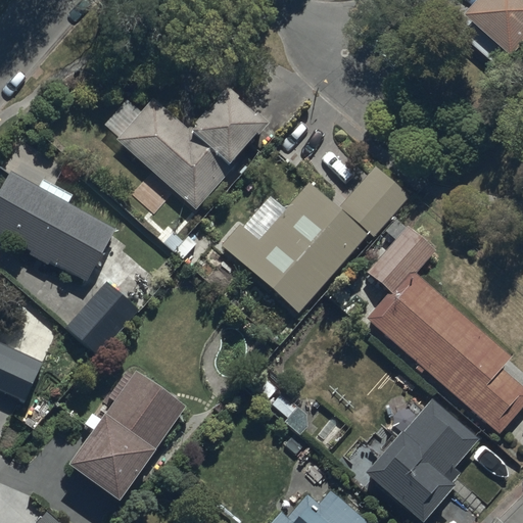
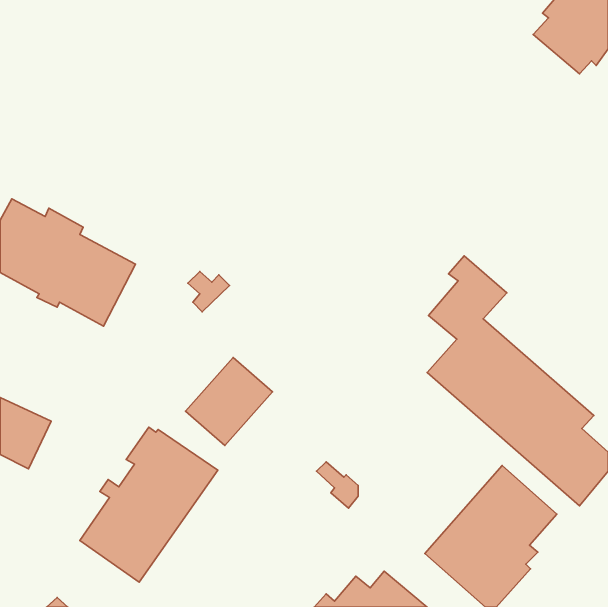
building: [116,88,271,209] -> none
building: [219,165,409,314] -> none
building: [65,282,140,358] -> [186,357,272,446]

